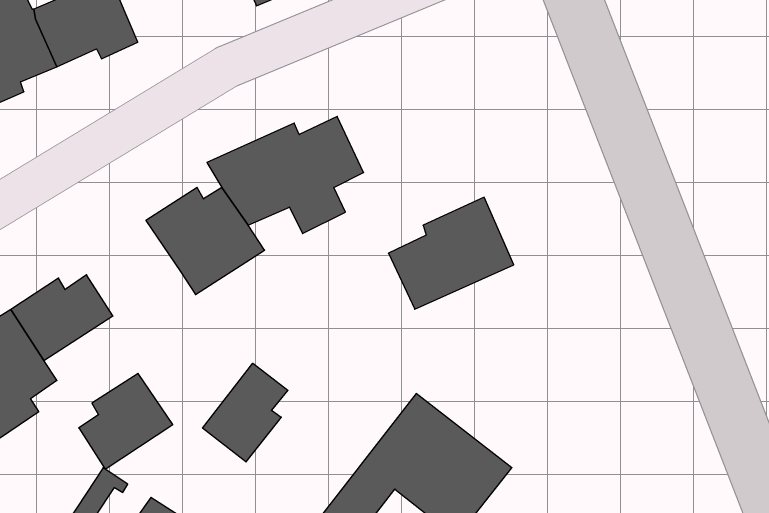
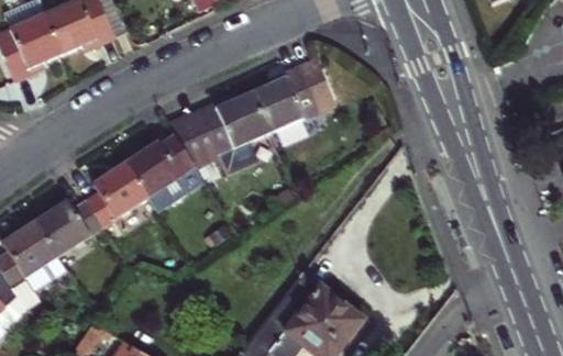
building: [388,197,514,309] -> [253,52,336,126]
building: [203,363,288,462] -> none
building: [79,373,173,469] -> [86,158,148,222]

